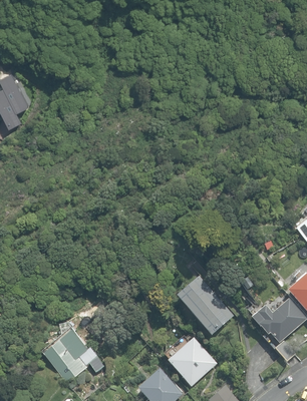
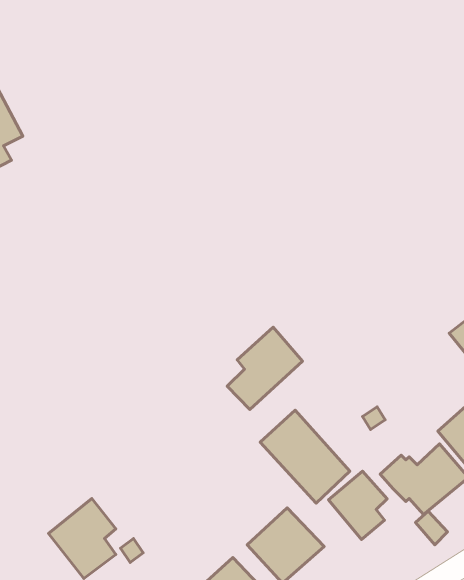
building: none -> [227,327,303,409]
building: none -> [329,471,387,540]

